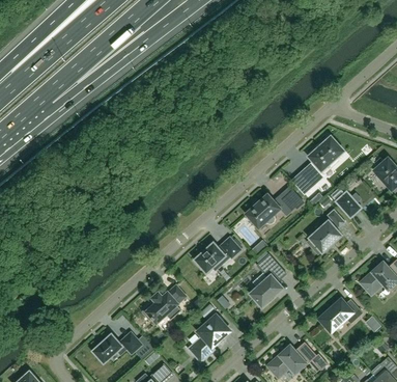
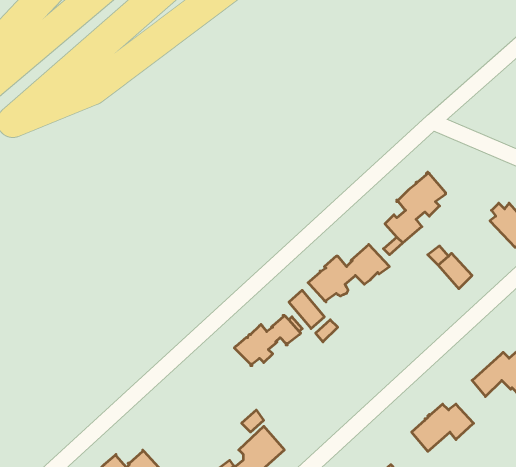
building: [310,210,344,253] -> none
building: [251,254,287,306] -> none
building: [141,285,186,322] -> none

